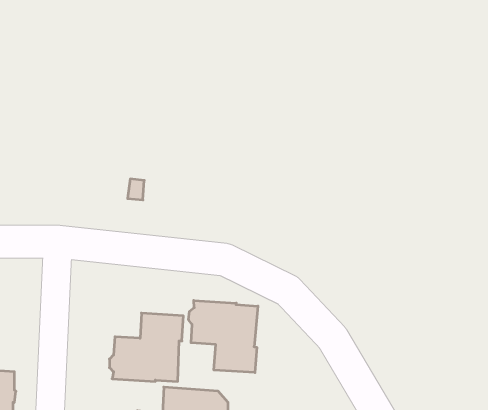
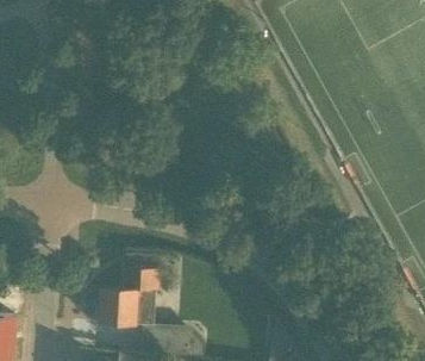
building: [189,300,258,373] -> none

